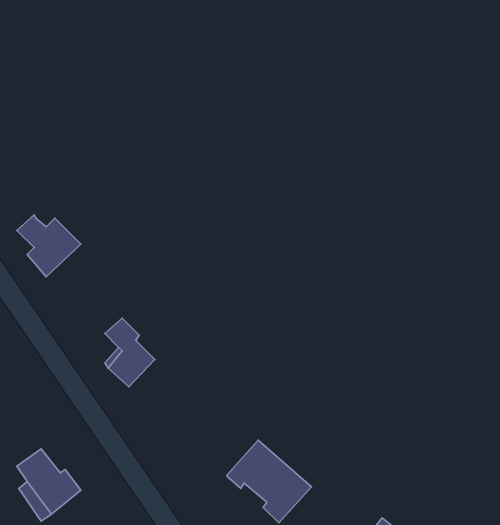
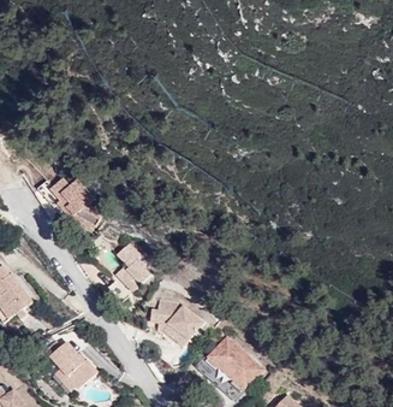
building: none -> [145,295,201,350]

